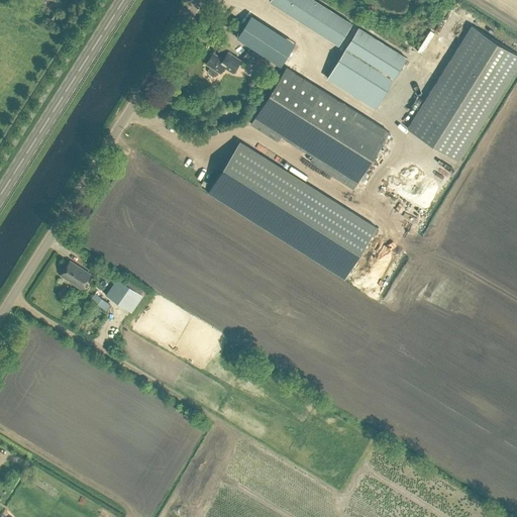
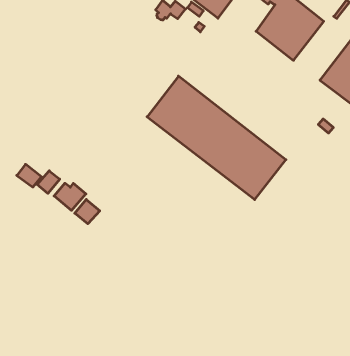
building: [251,68,390,190] -> none
building: none -> [37,171,60,193]
building: none -> [75,199,100,224]

